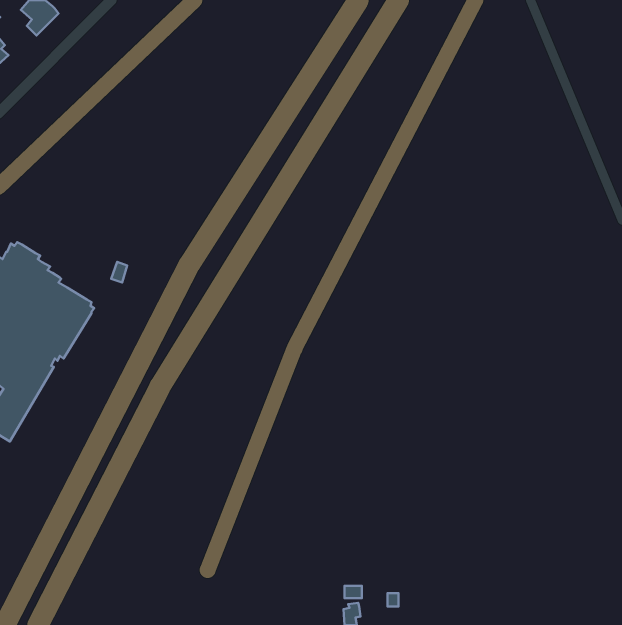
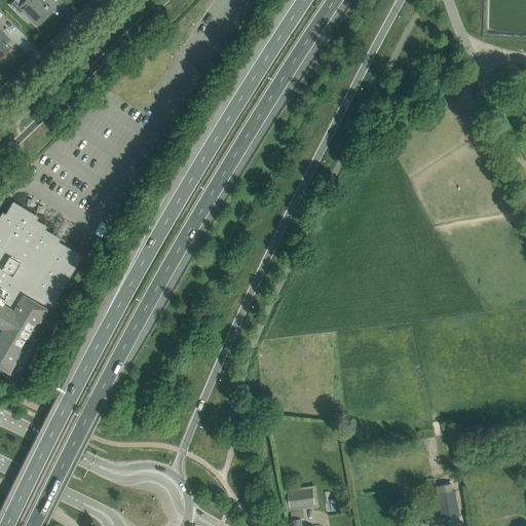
building: none -> [435,483,458,519]

